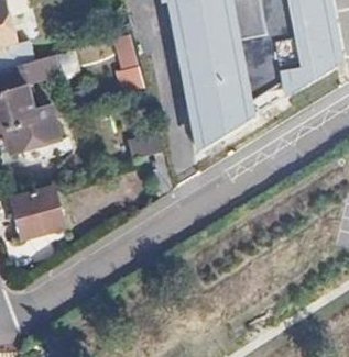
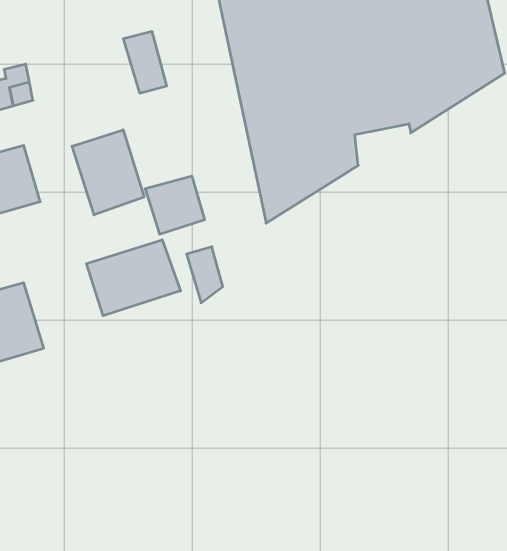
building: none -> [72,130,144,215]
building: none -> [86,240,181,316]

